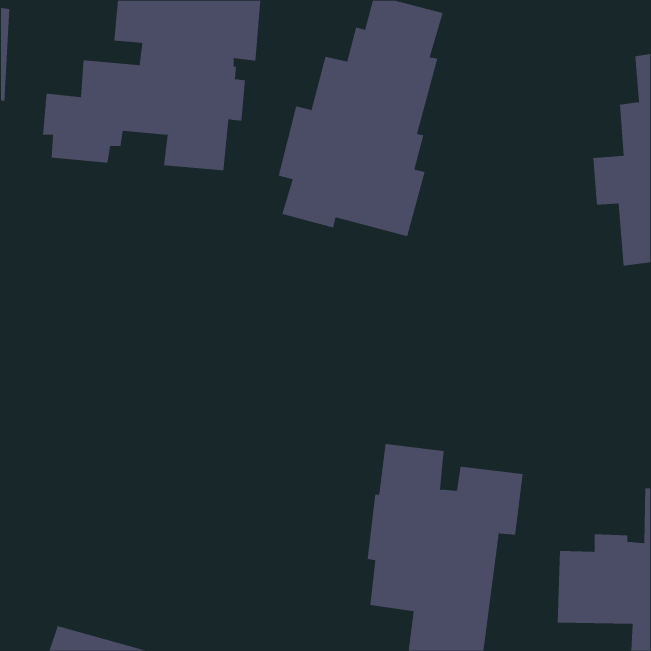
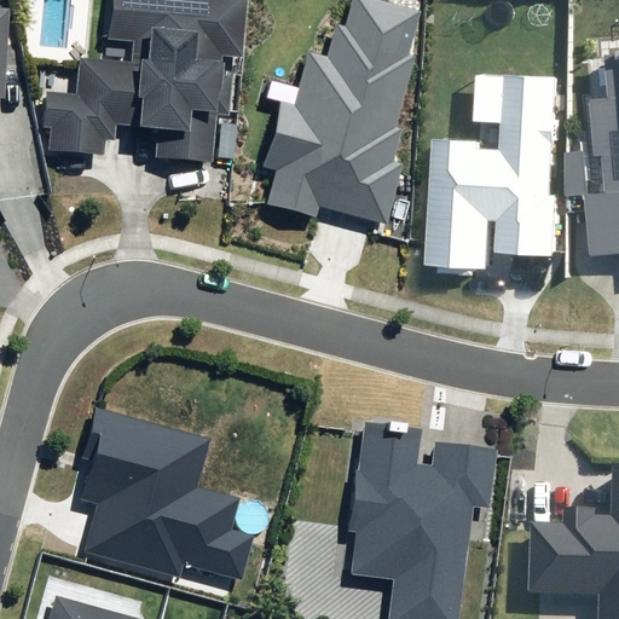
building: none -> [424,74,555,268]
building: none -> [81,406,254,580]

